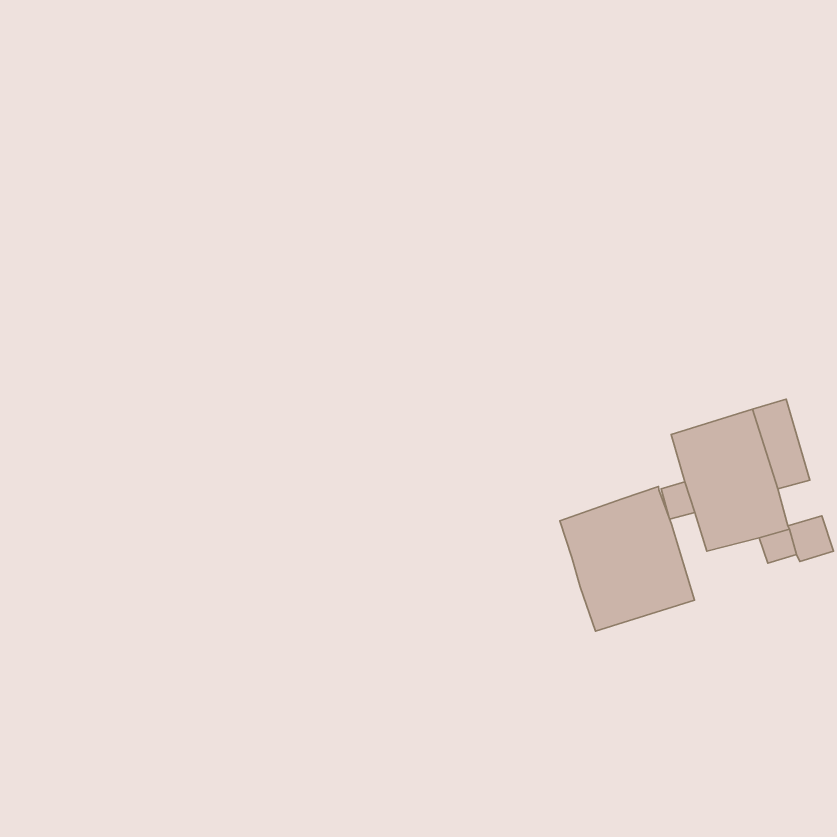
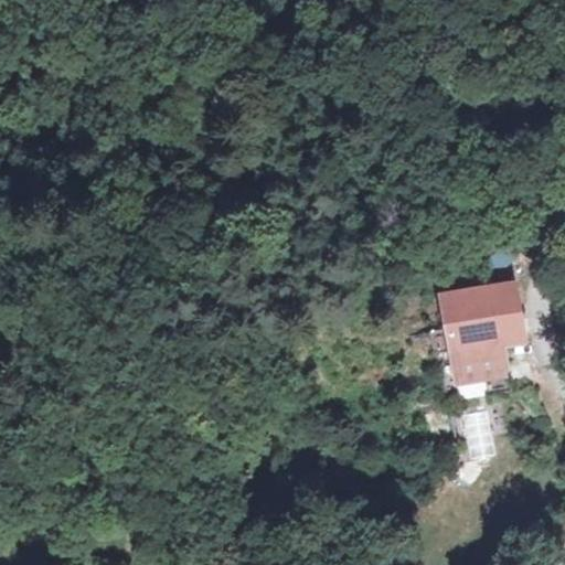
building: [560,486,695,631] -> none

